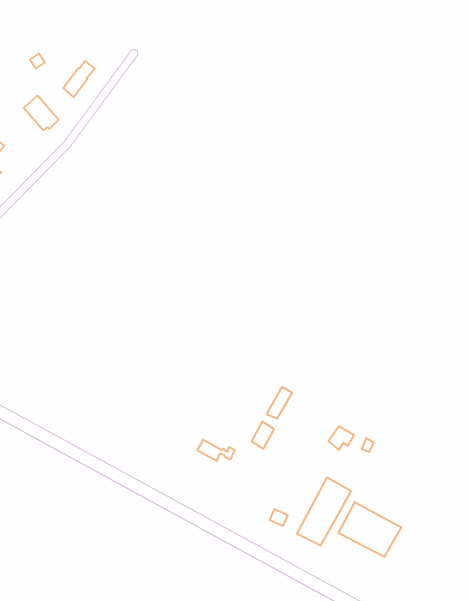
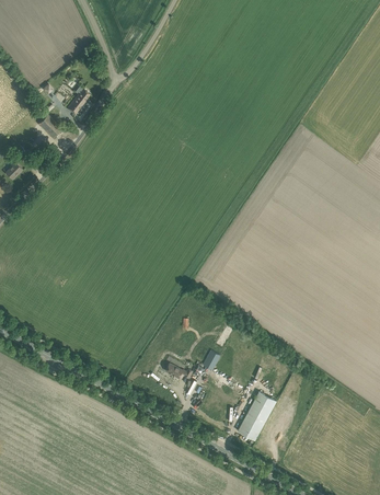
building: [339,502,401,557] -> none

